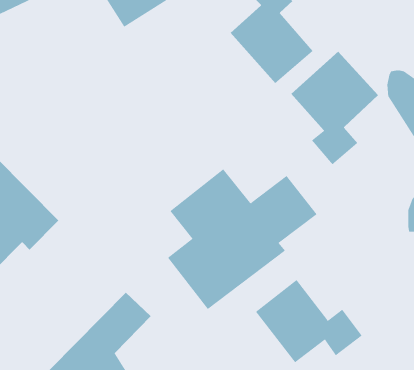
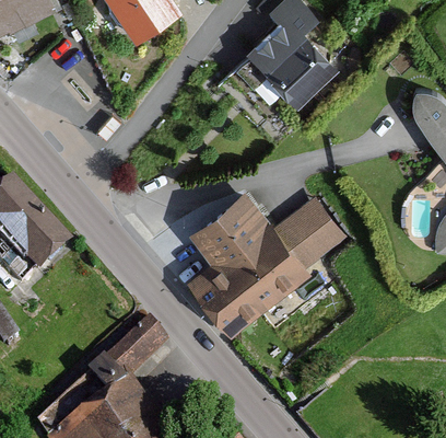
building: [290,51,379,165] -> none
building: [255,279,363,363] -> none

